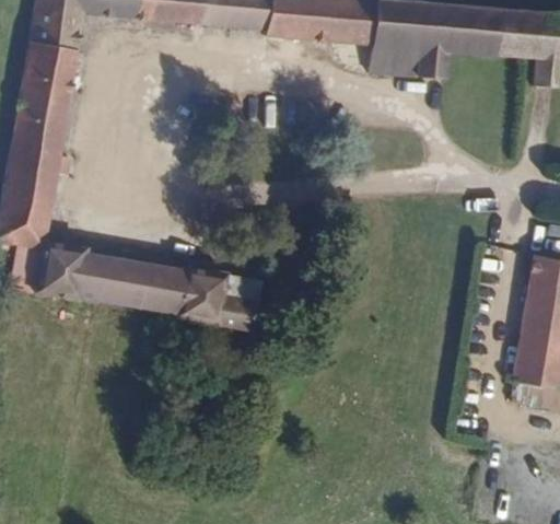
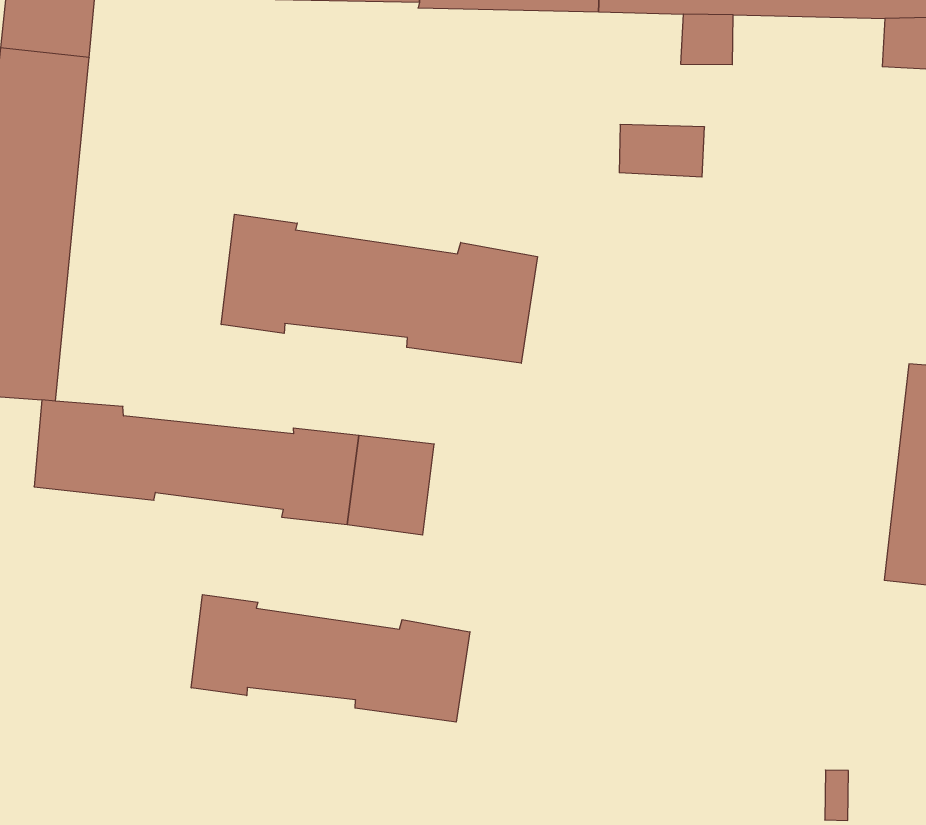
building: [370,42,420,74] -> [619,125,705,177]
building: none -> [221,214,537,363]
building: none -> [191,595,470,722]

